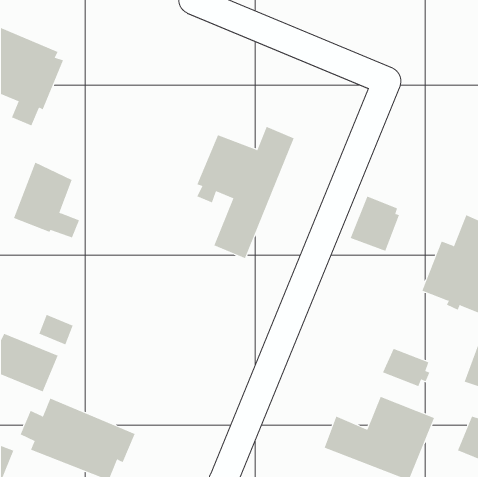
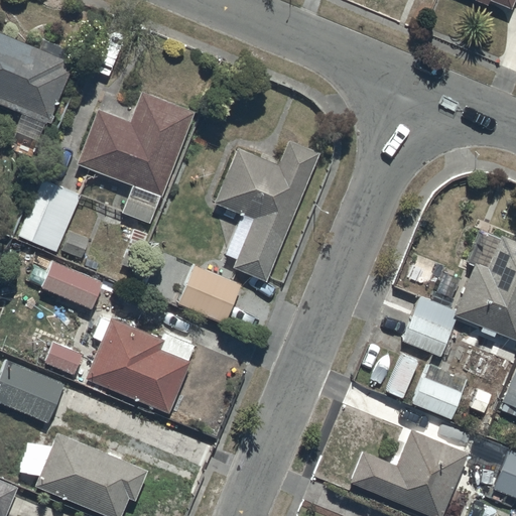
building: none -> [79,92,194,224]
building: [350,196,400,251] -> [402,297,456,357]
building: none -> [41,261,102,309]
building: none -> [178,266,241,324]
building: none -> [87,316,195,413]

